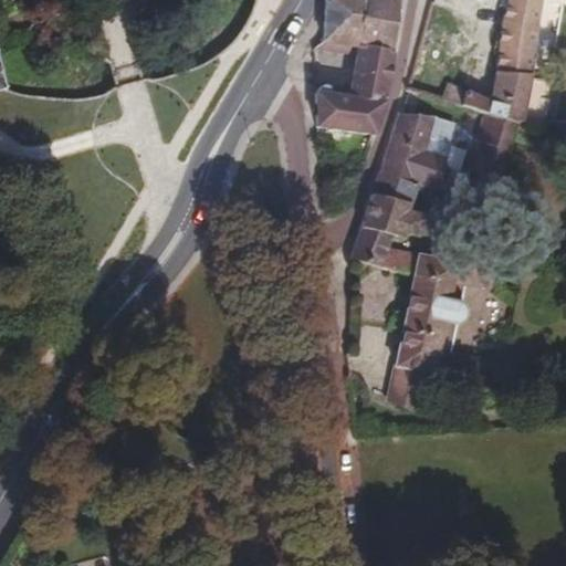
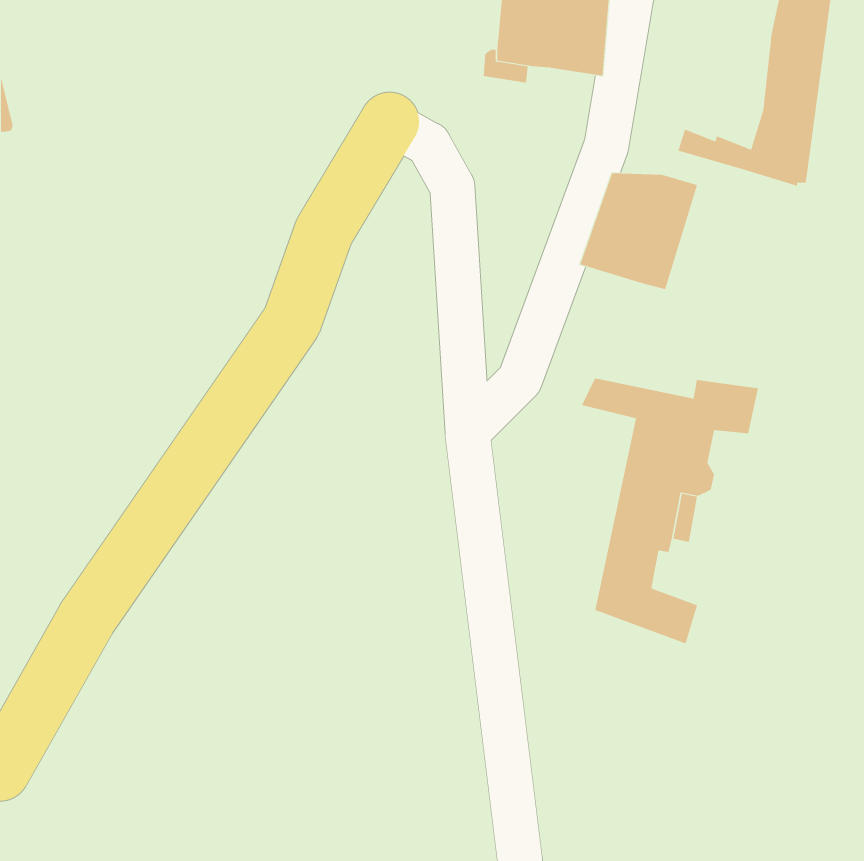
building: [317,44,395,132] -> none
building: [475,111,522,151] -> none
building: [350,172,426,264] -> none

